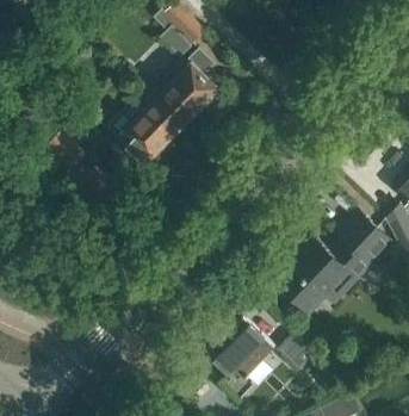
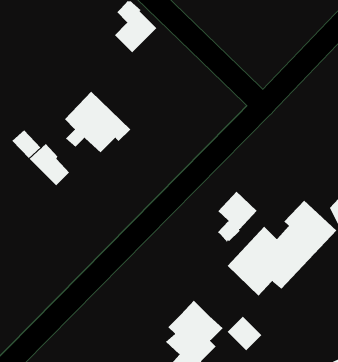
building: [136,49,218,137] -> none
building: none -> [217,191,258,242]

